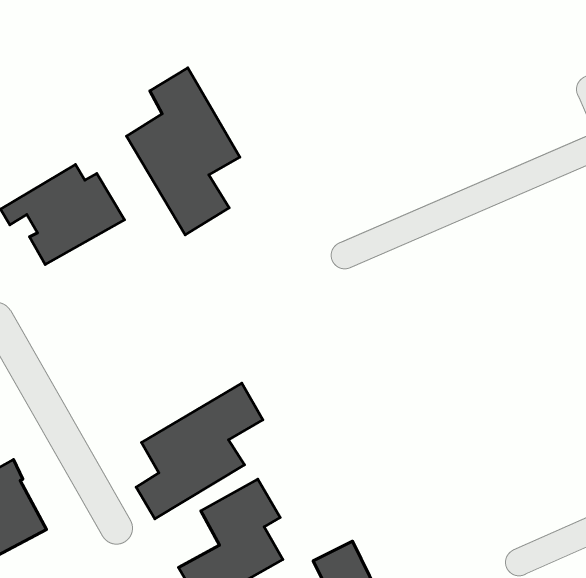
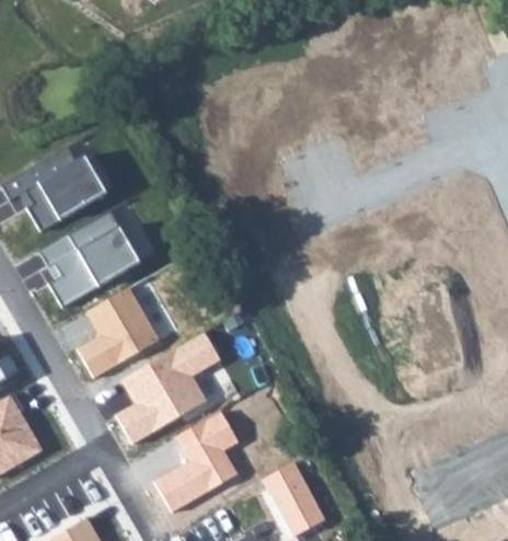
building: [126,68,240,235] -> none
building: none -> [42,210,140,308]
building: none -> [77,289,159,378]

